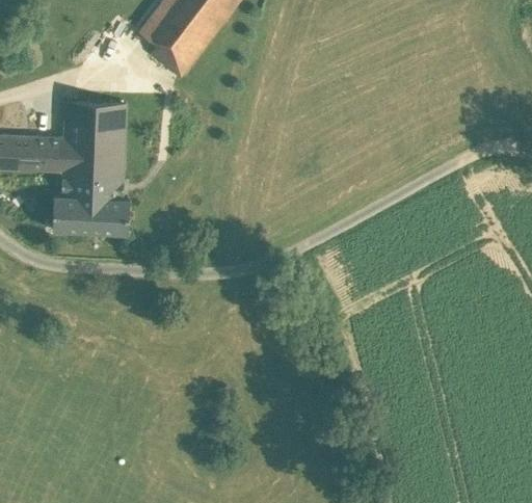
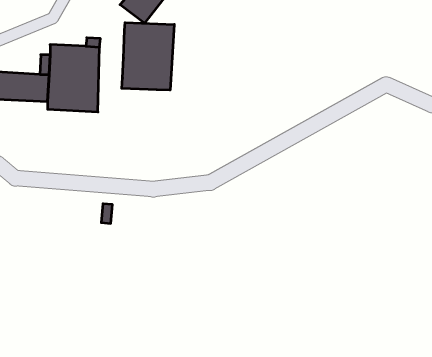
building: none -> [122,23,174,90]
building: [53,182,130,234] -> none

